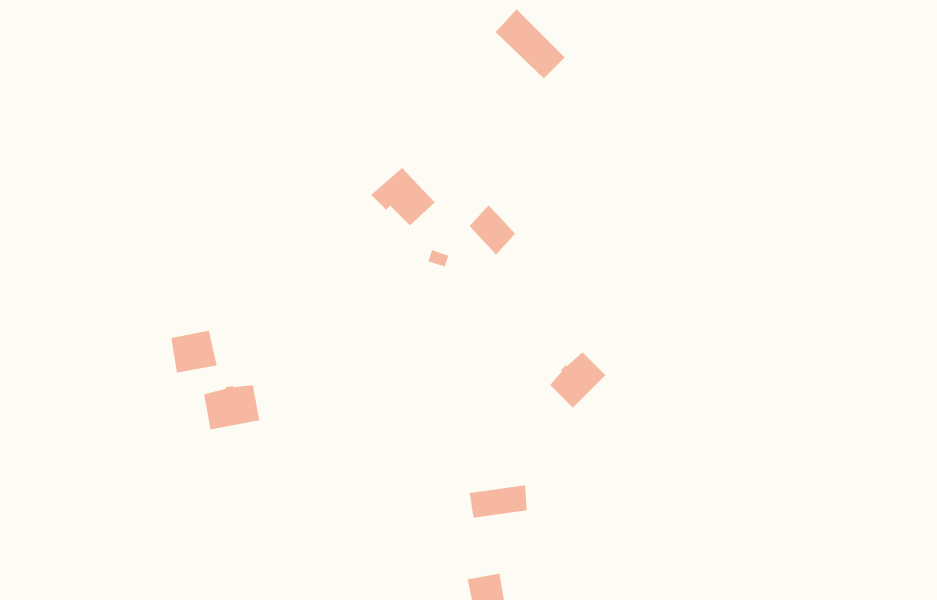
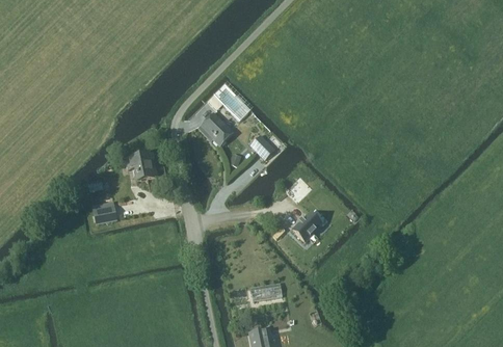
building: [495,9,565,79] -> [214,83,251,121]
building: none -> [126,154,157,181]
building: [203,384,260,430] -> none

